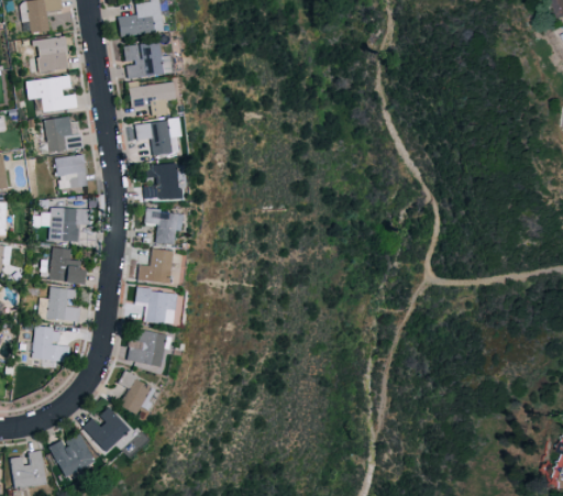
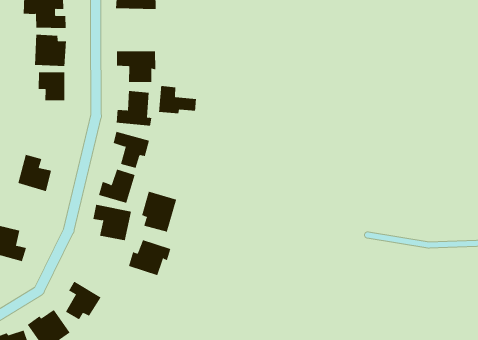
building: [129,82,173,115] -> none
building: none -> [159,85,197,114]
building: [42,207,92,241] -> none
building: none -> [142,191,177,233]
building: [47,287,82,322] -> none
building: [129,330,172,366] -> [128,239,171,276]

